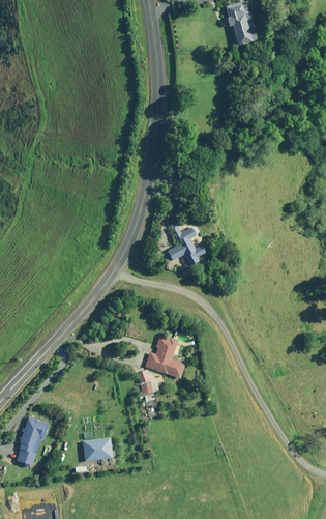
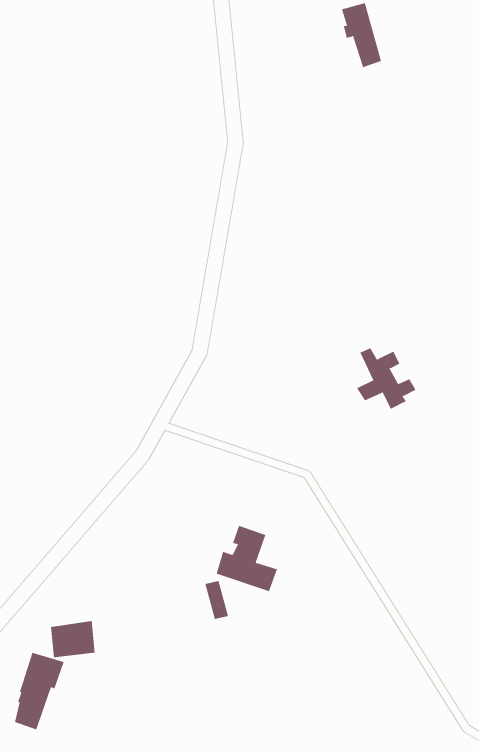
building: [168,225,206,264] -> [356,348,416,409]
building: [83,436,112,460] -> [50,620,96,658]

